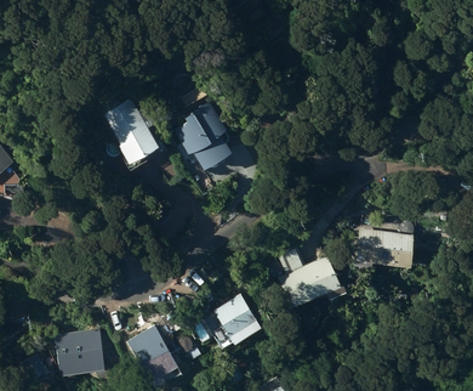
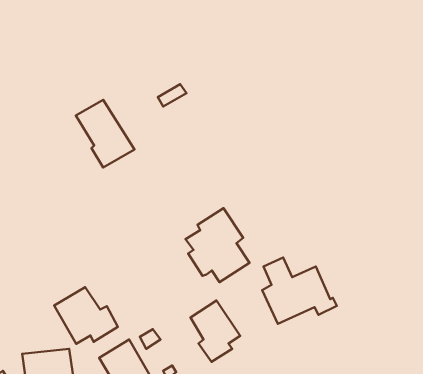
building: [173,102,233,171] -> [186,208,250,282]
building: [354,228,414,268] -> none
building: none -> [54,287,118,344]

